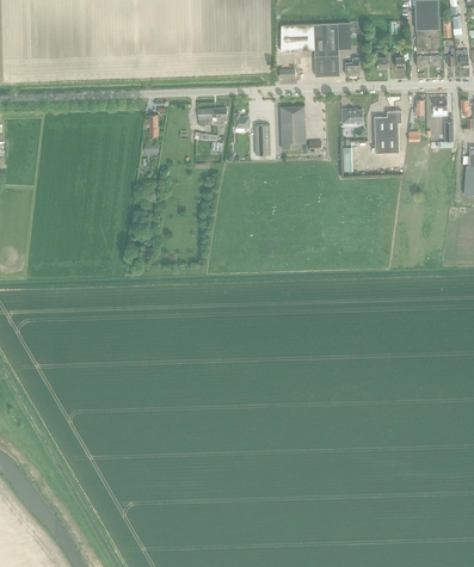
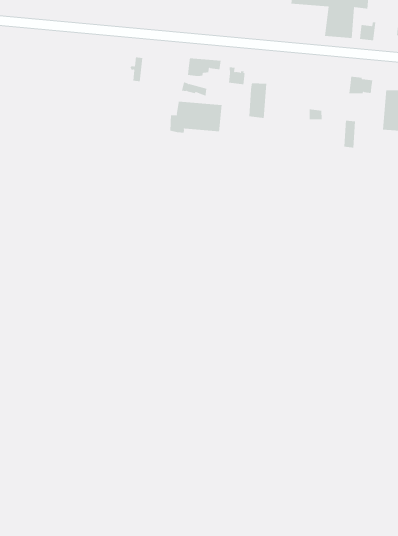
building: [279,105,306,148] -> none
building: none -> [170,101,222,133]

